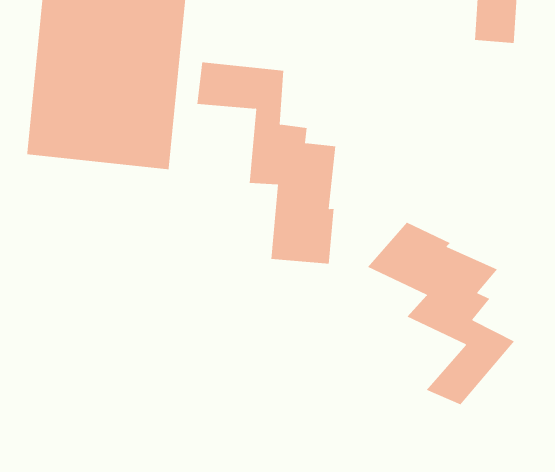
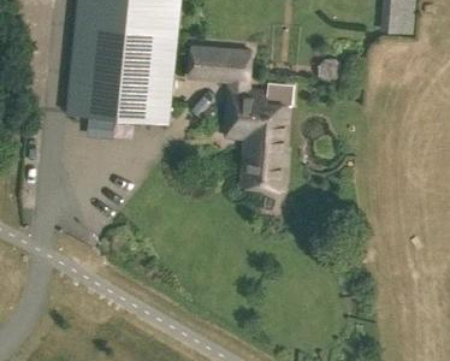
building: [367,222,515,405] -> none

